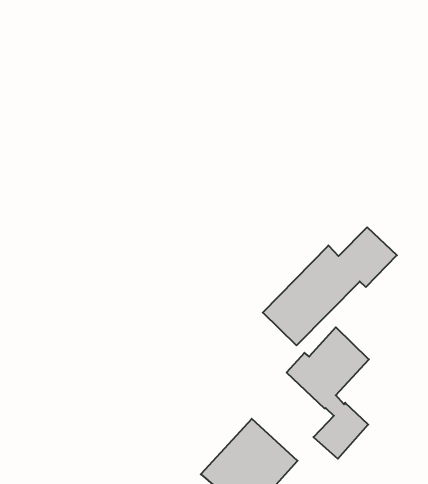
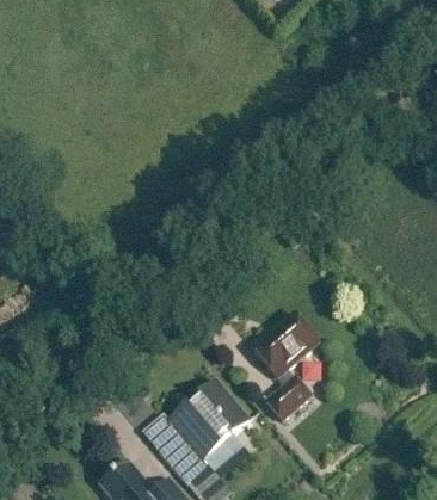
building: [263,227,397,345] -> none

